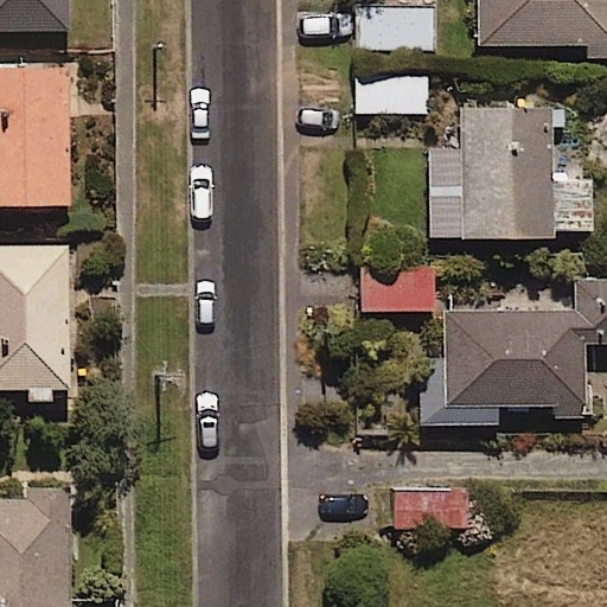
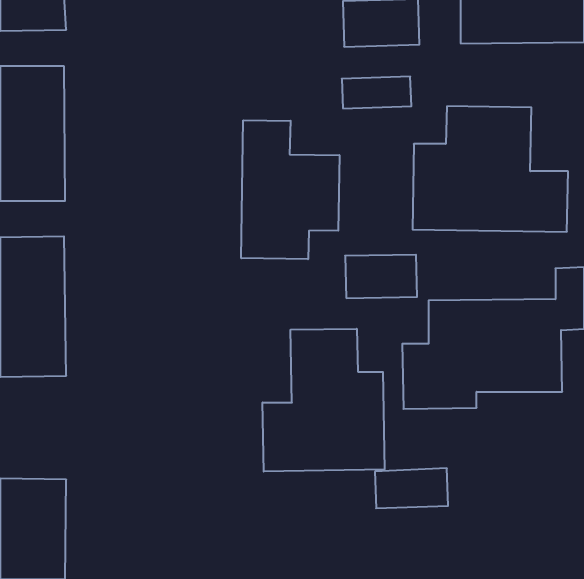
building: none -> [241,120,339,259]
building: none -> [263,329,384,472]

